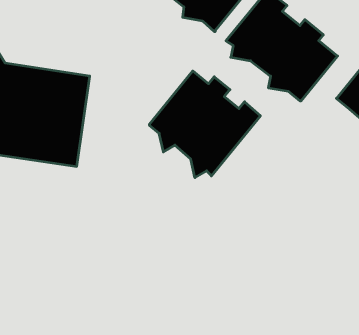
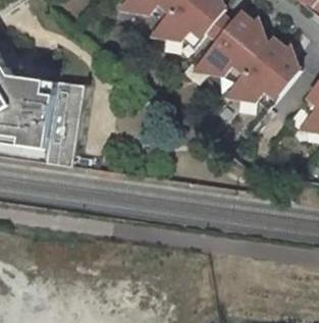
building: [149,71,260,178] -> none

